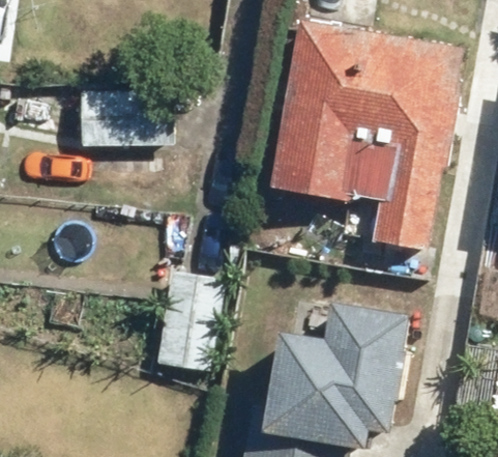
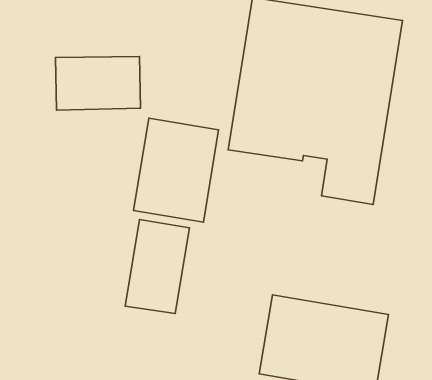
building: none -> [134,118,218,222]

